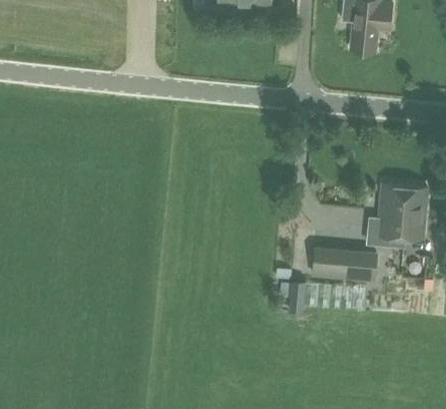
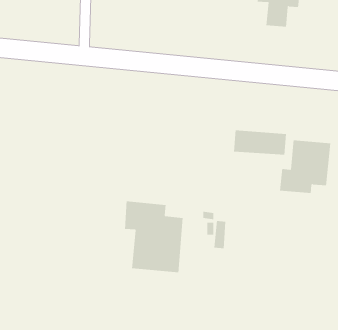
building: [313,247,376,277] -> [233,130,287,155]
building: none -> [125,200,183,273]

